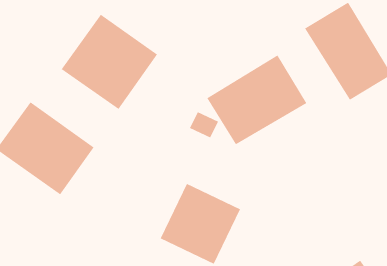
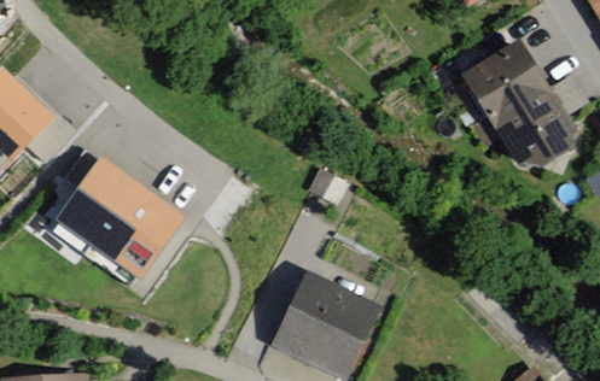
building: [61,14,158,110] -> none
building: [206,55,307,145] -> none

